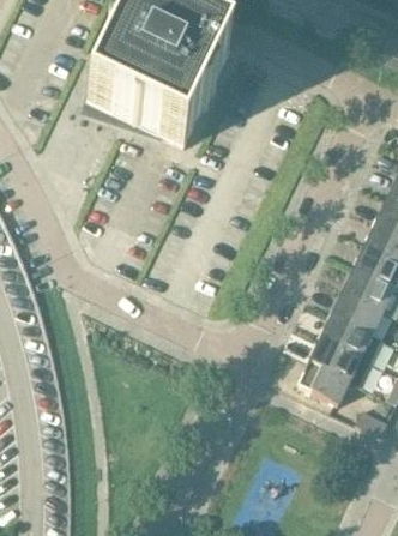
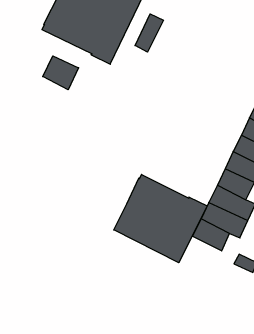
building: none -> [135,14,163,52]
building: none -> [43,56,79,90]
building: none -> [114,174,207,263]

